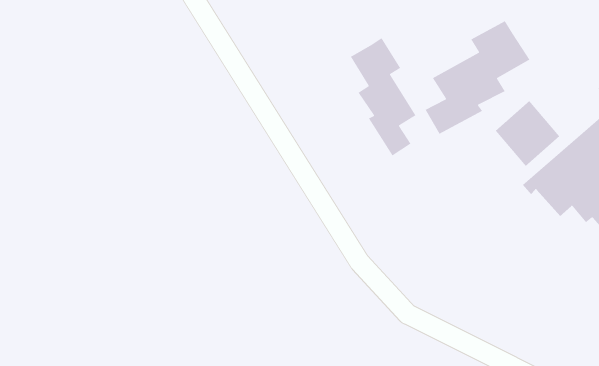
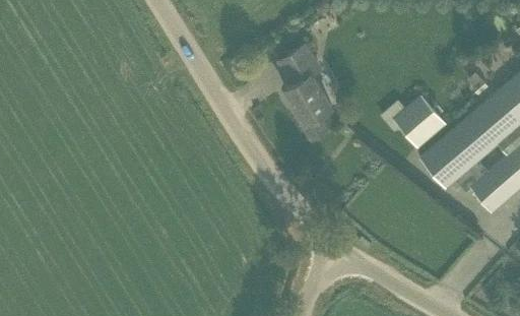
building: [424,20,531,135] -> none

